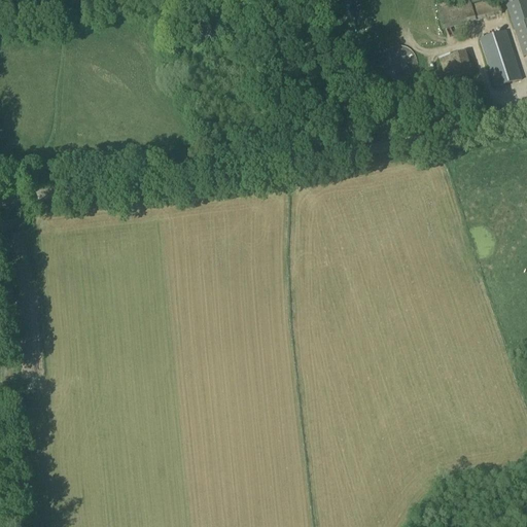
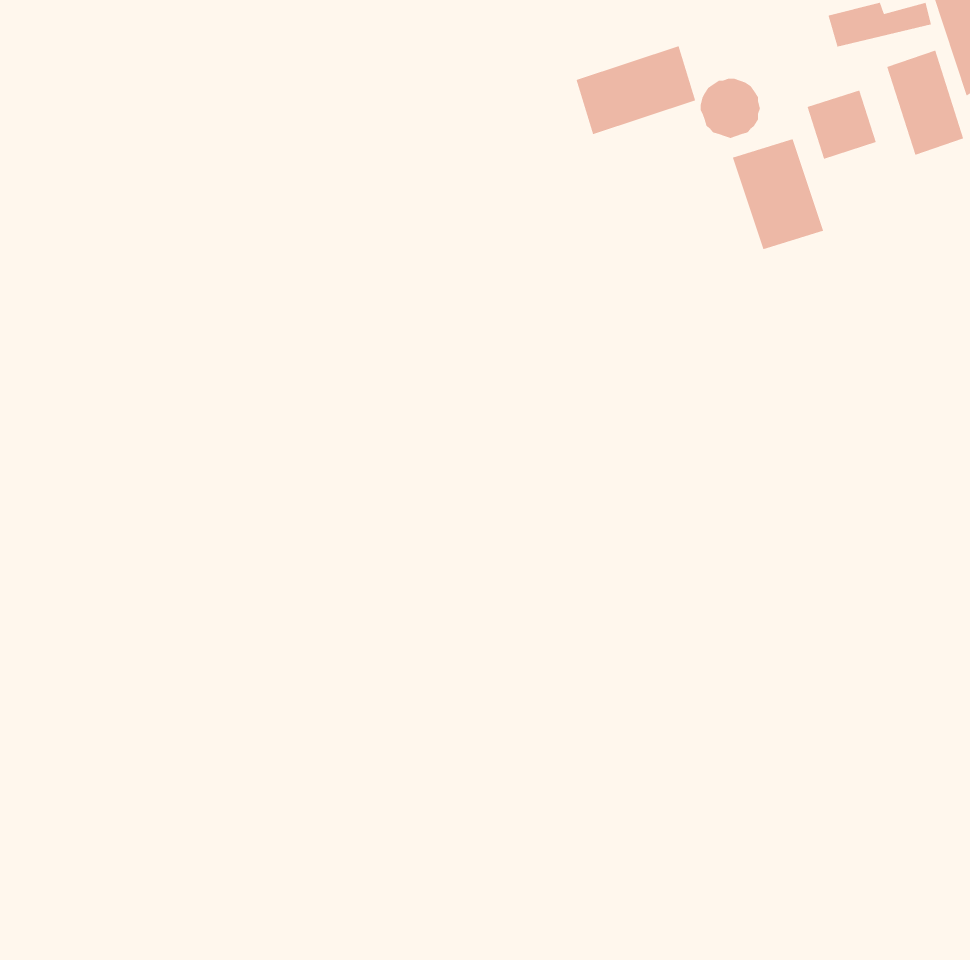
building: none -> [576,45,696,135]
building: none -> [732,138,824,250]

